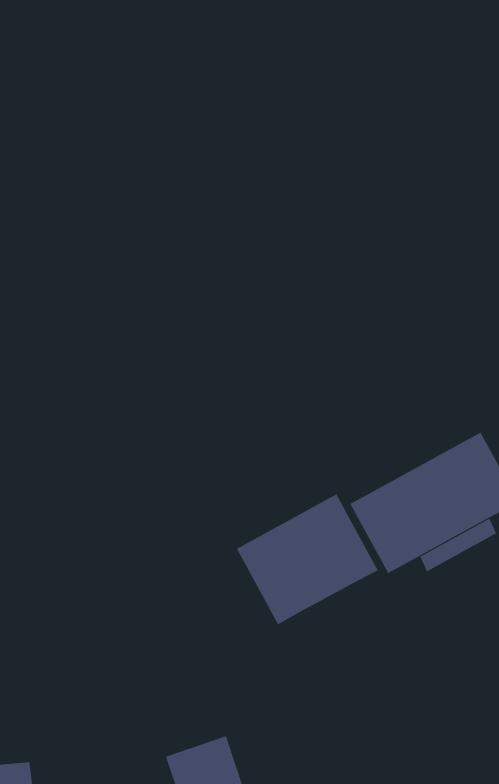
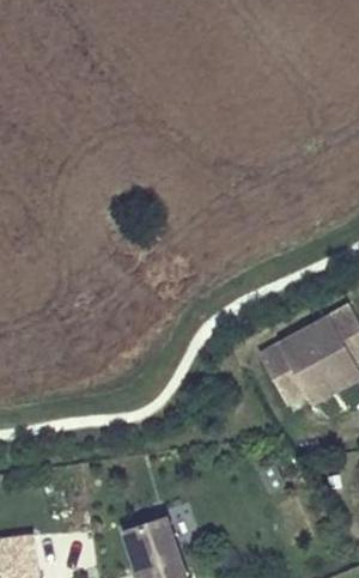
building: [236,494,378,625] -> none

